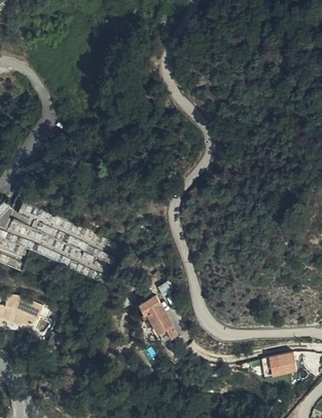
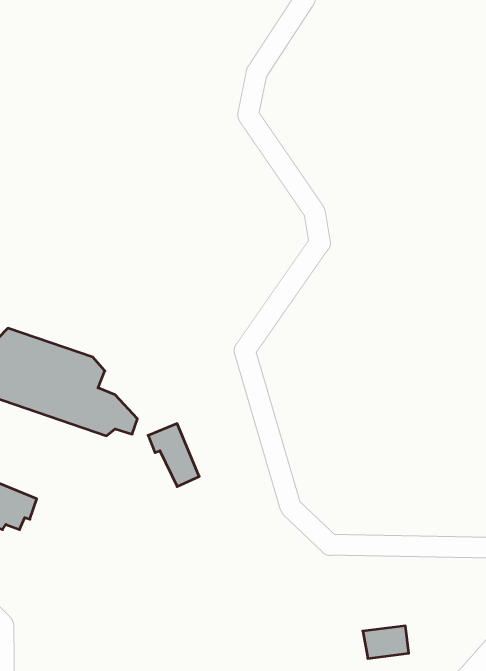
building: [135,296,166,334] -> [148,424,199,487]
building: [267,356,295,376] -> [363,626,409,658]

